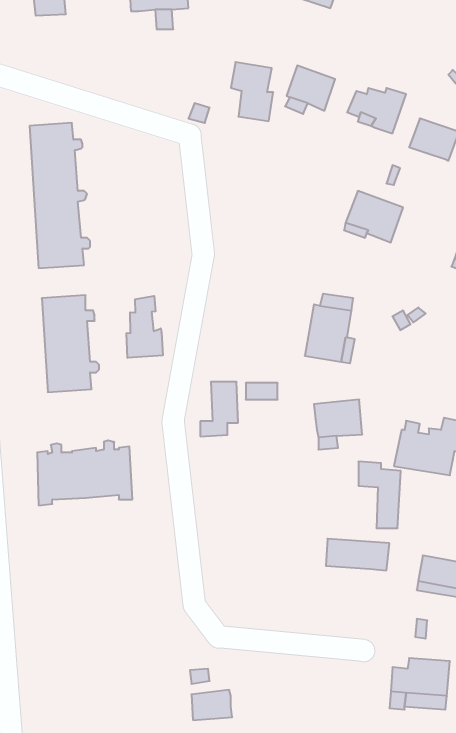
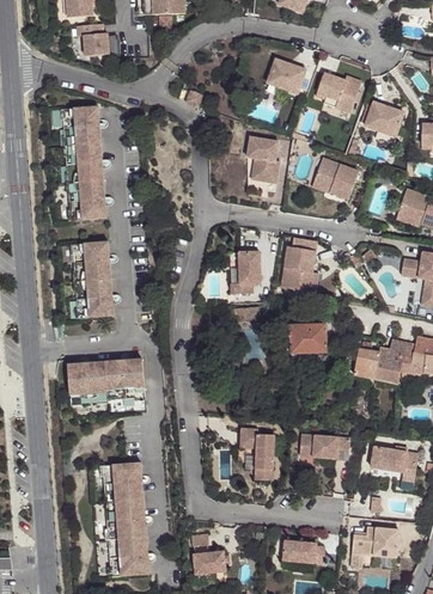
building: none -> [75,25,109,57]
building: [231,62,273,121] -> [246,136,280,183]
building: [127,296,163,358] -> none
building: [200,382,238,436] -> [232,252,262,295]
building: [358,462,401,528] -> [238,428,272,480]
building: none -> [98,464,152,577]
building: none -> [281,540,323,565]

